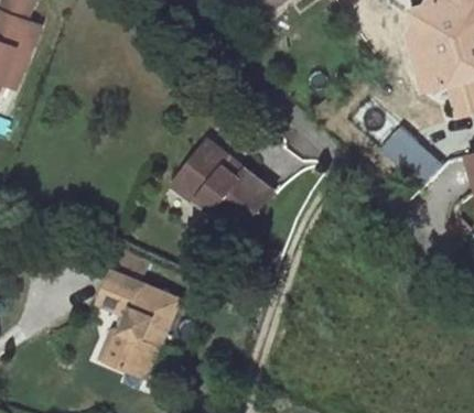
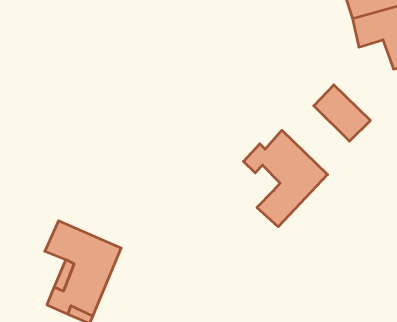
building: [166,142,267,228] -> none
building: none -> [243,130,328,227]

